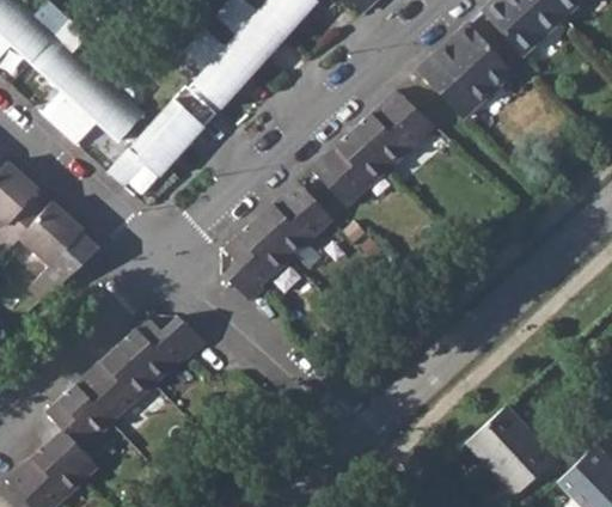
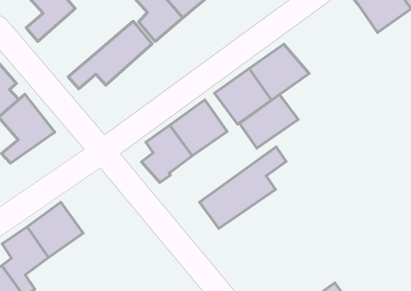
building: [417,25,510,116] -> none
building: [59,78,143,145] -> none
building: none -> [239,95,298,148]
building: none -> [199,147,286,229]
building: [118,316,204,383] -> none

